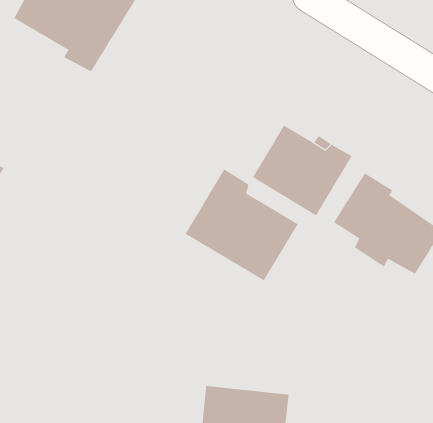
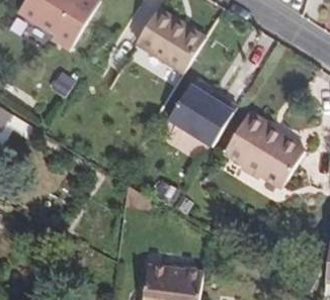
building: none -> [138,16,202,72]
building: [185,168,298,281] -> none

